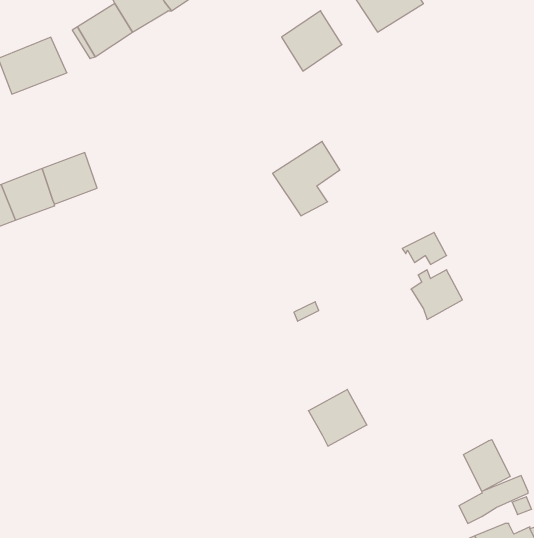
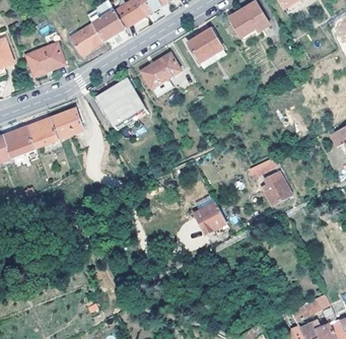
building: none -> [97,79,147,130]
building: [273,141,340,216] -> [141,53,180,95]
building: [308,389,367,446] -> [193,201,226,233]
building: [464,440,510,492] -> none

